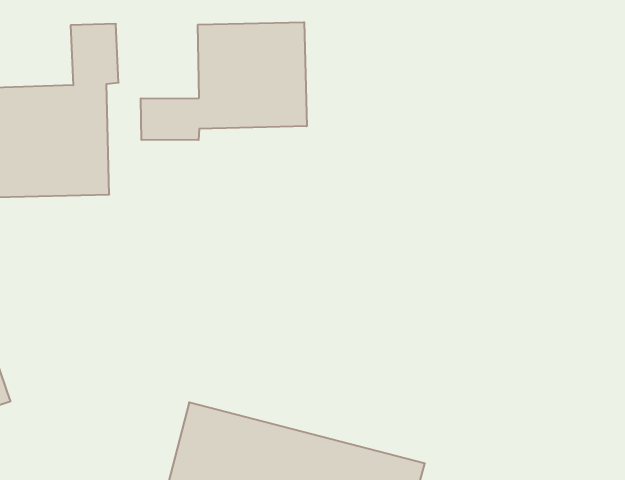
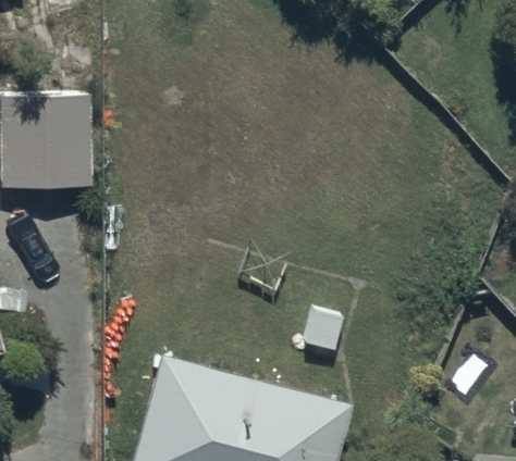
building: [141,22,307,140] -> none

